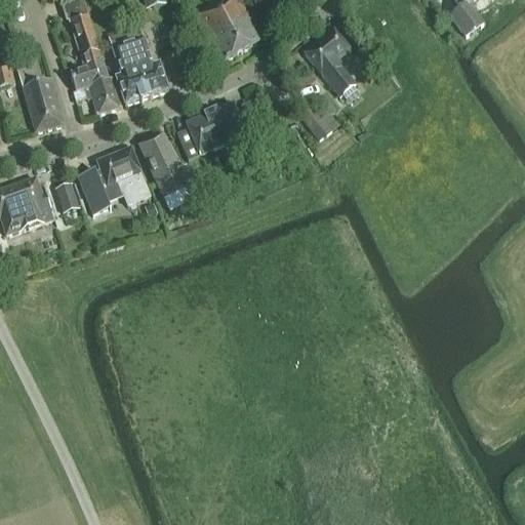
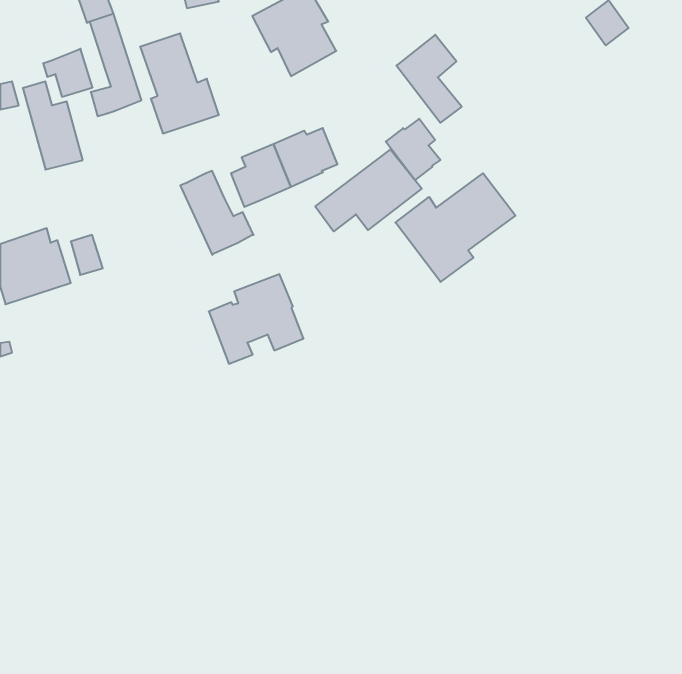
building: [82,76,120,113] -> [43,49,93,97]
building: none -> [315,149,422,231]
building: none -> [395,173,515,282]
building: [77,146,150,214] -> [209,274,304,364]

